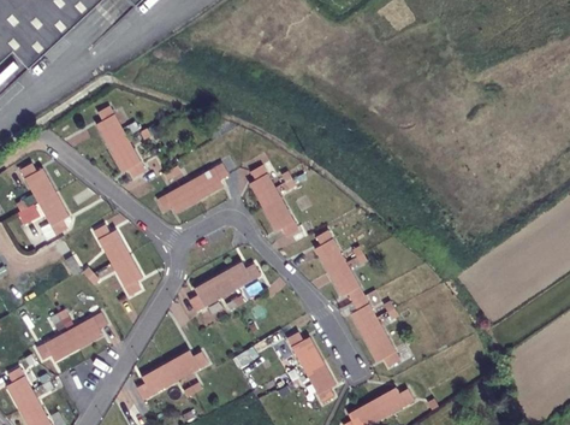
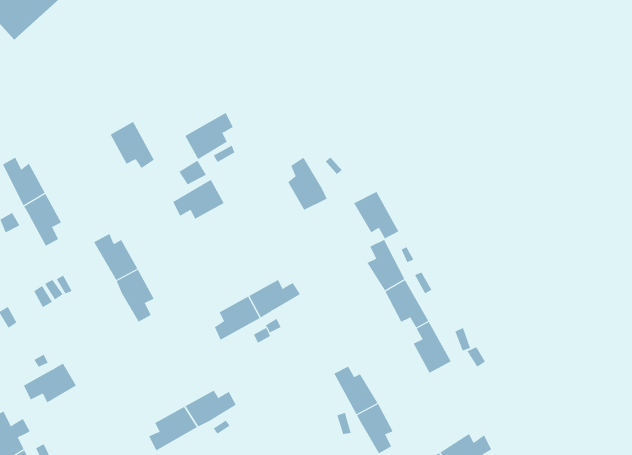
building: [94,104,125,144] -> none
building: [188,161,227,200] -> [184,112,234,160]
building: [262,196,299,235] -> [353,191,399,239]
building: [69,311,108,347] -> none
building: [363,327,399,366] -> none

